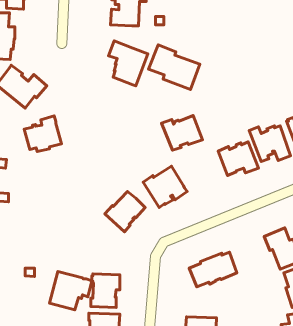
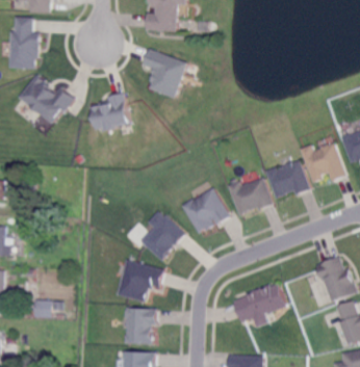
building: [149,45,200,89] -> none
building: [161,116,203,150] -> [226,177,272,215]
building: [24,116,62,151] -> [87,91,129,131]
building: [50,271,92,310] -> [115,259,162,302]

